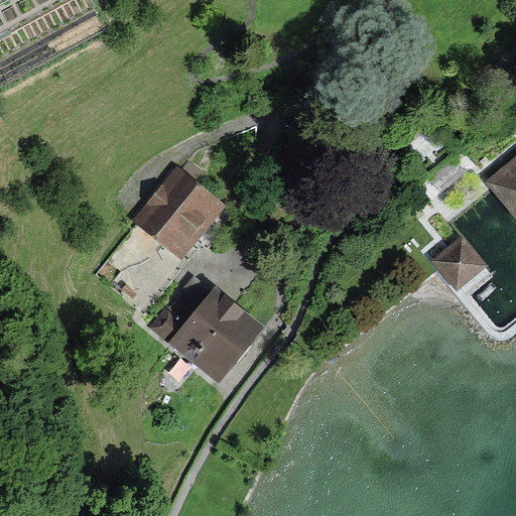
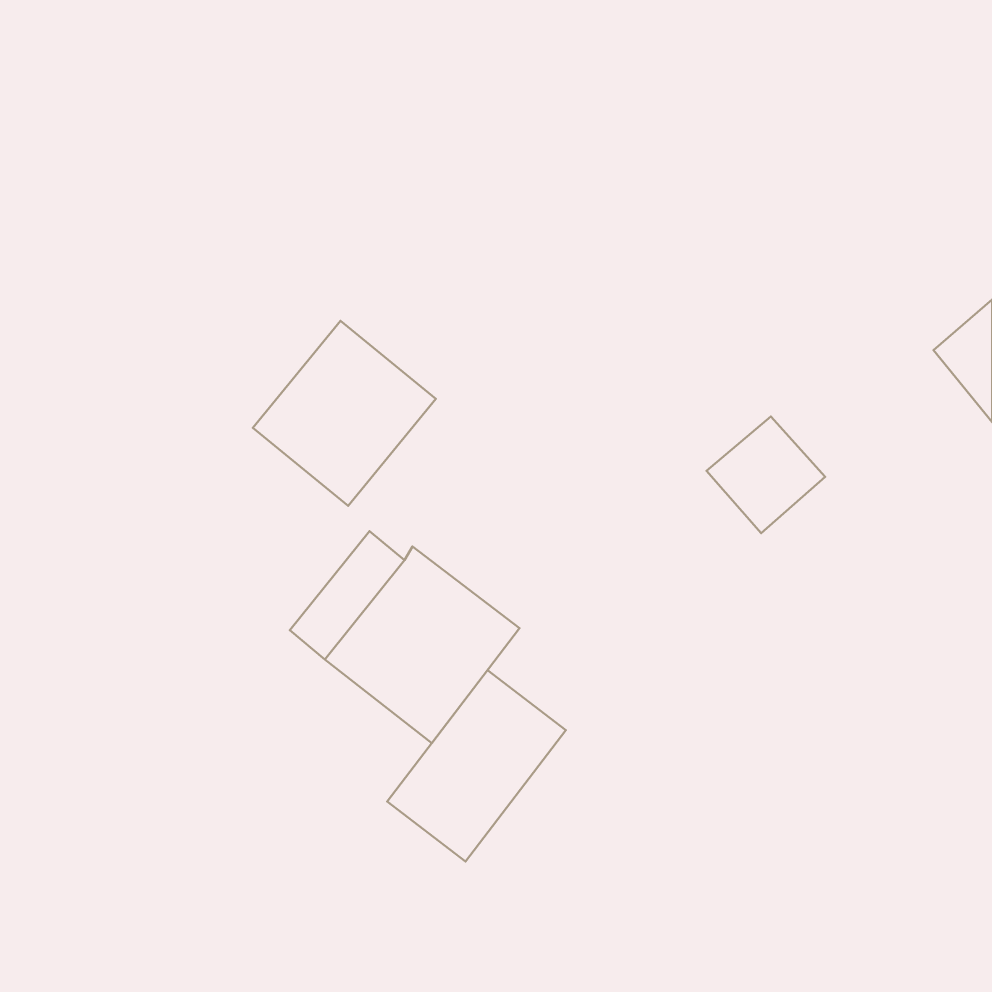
building: [429,233,491,293] -> [707,416,825,533]
building: none -> [387,670,566,862]

